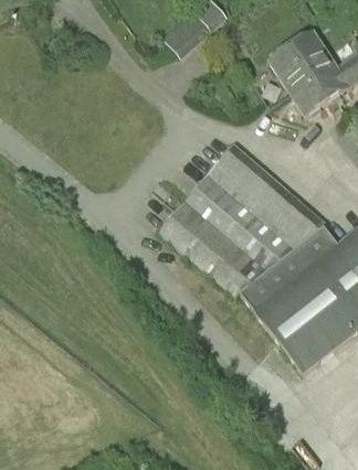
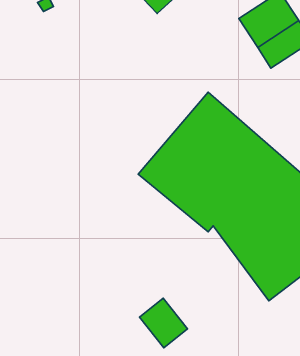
building: none -> [140,298,187,348]

